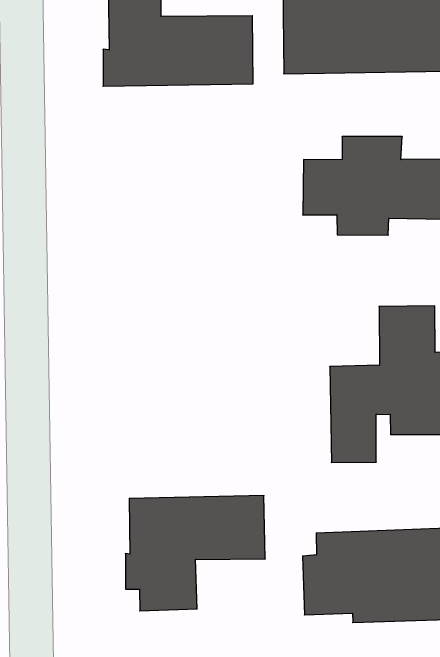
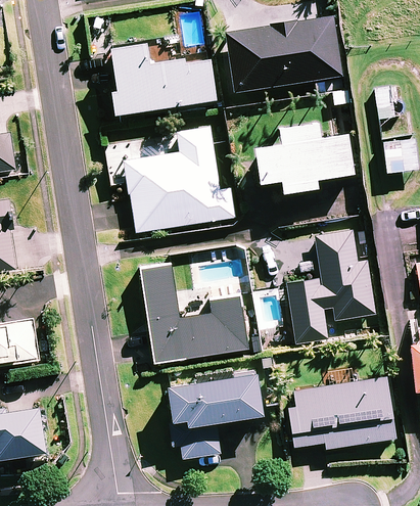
building: none -> [112,128,236,233]
building: none -> [142,265,248,364]

